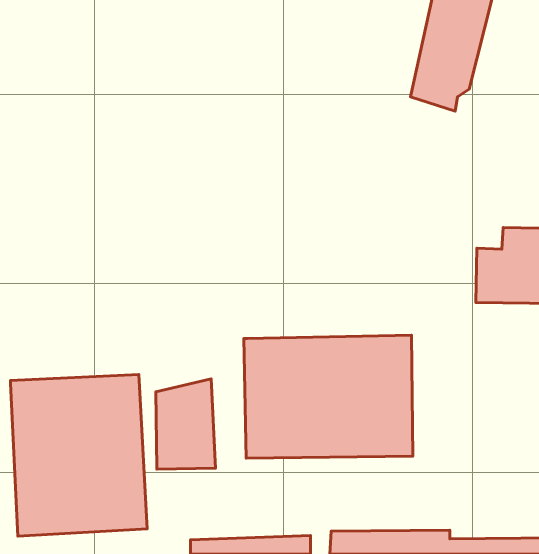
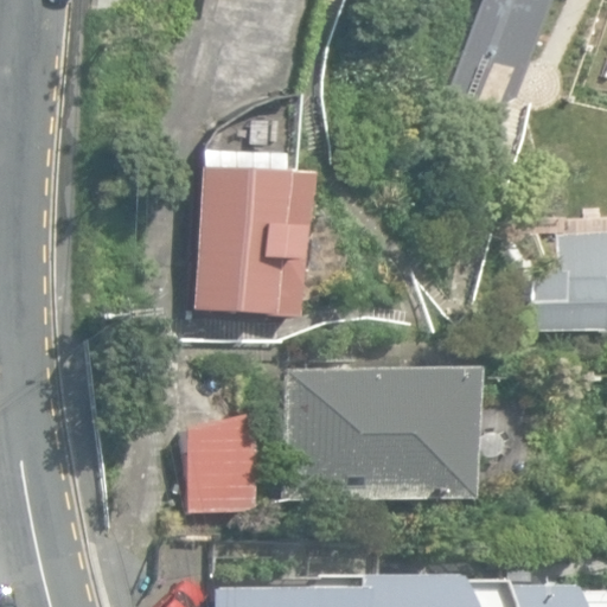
building: none -> [202,149,298,317]
building: [10,374,147,536] -> none

